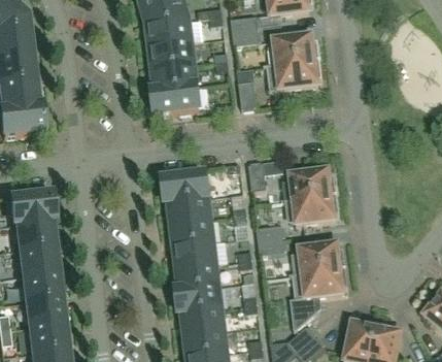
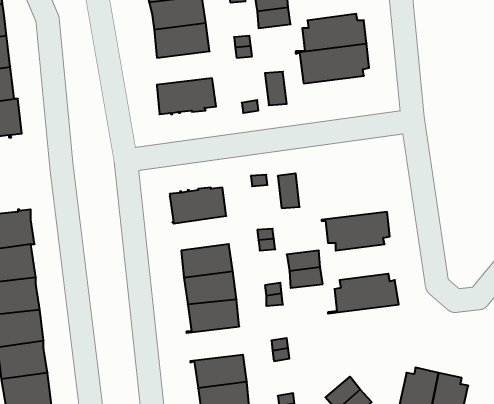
building: [151,64,197,91] -> none
building: [284,169,337,199] -> none
building: [166,196,210,224] -> none
building: [290,267,348,330] -> none
building: [176,285,222,312] -> none

